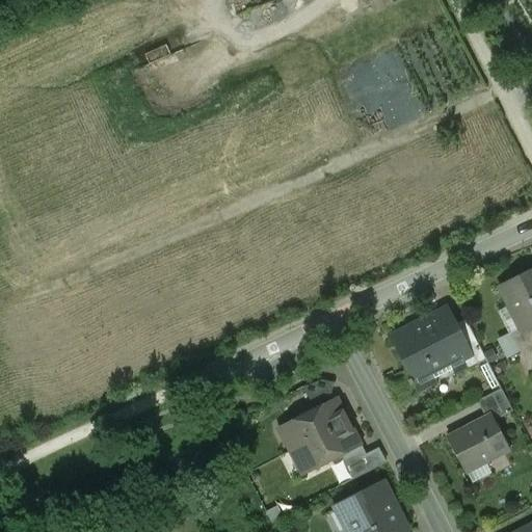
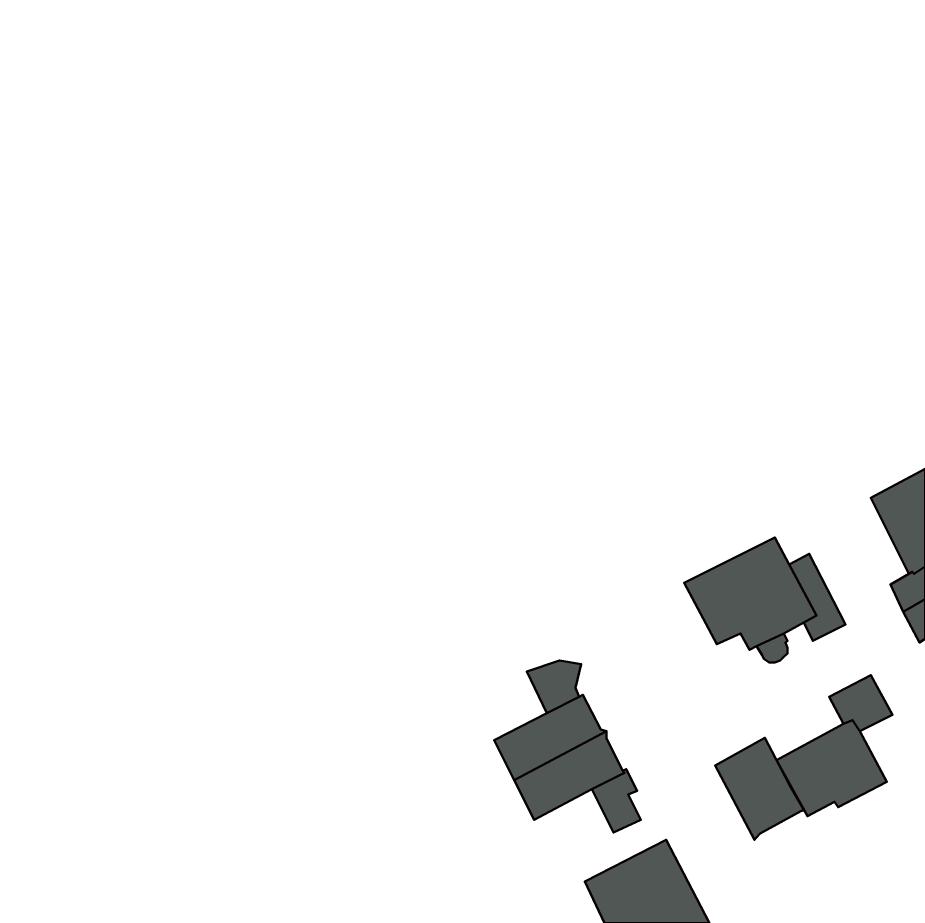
building: none -> [715,738,804,840]

